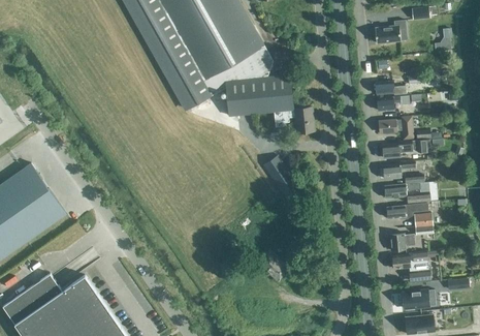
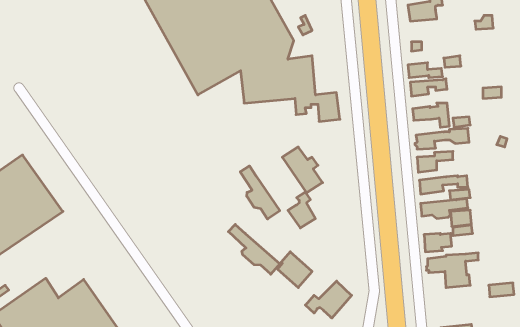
building: none -> [240,166,280,219]
building: none -> [288,192,315,228]
building: none -> [228,224,280,274]
building: none -> [305,281,352,318]
building: [399,289,431,309] -> none

